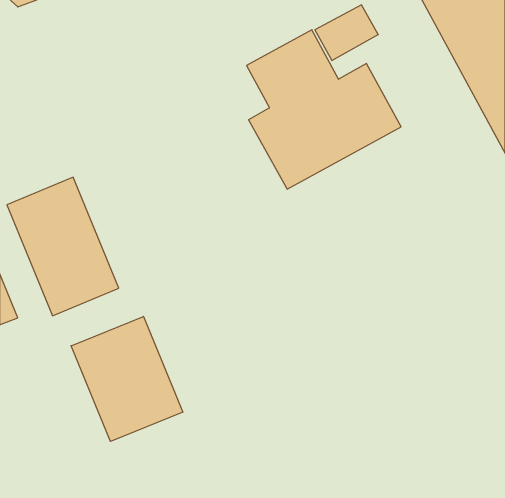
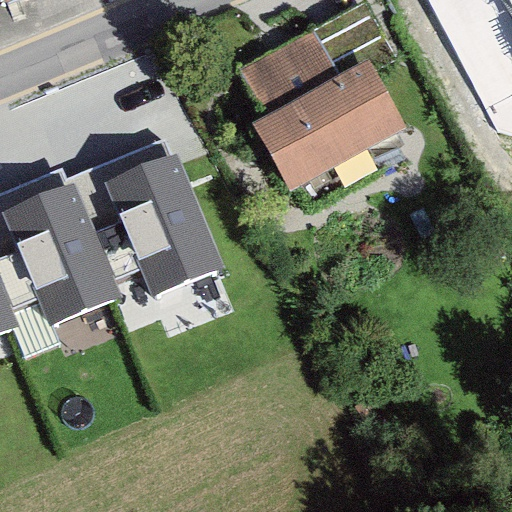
building: none -> [108,151,222,290]
building: [71,316,183,441] -> none

